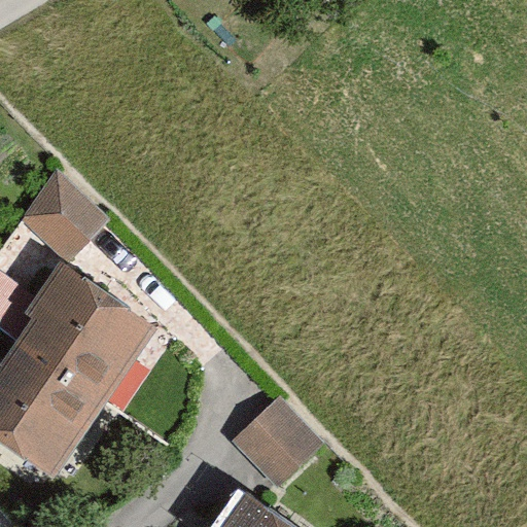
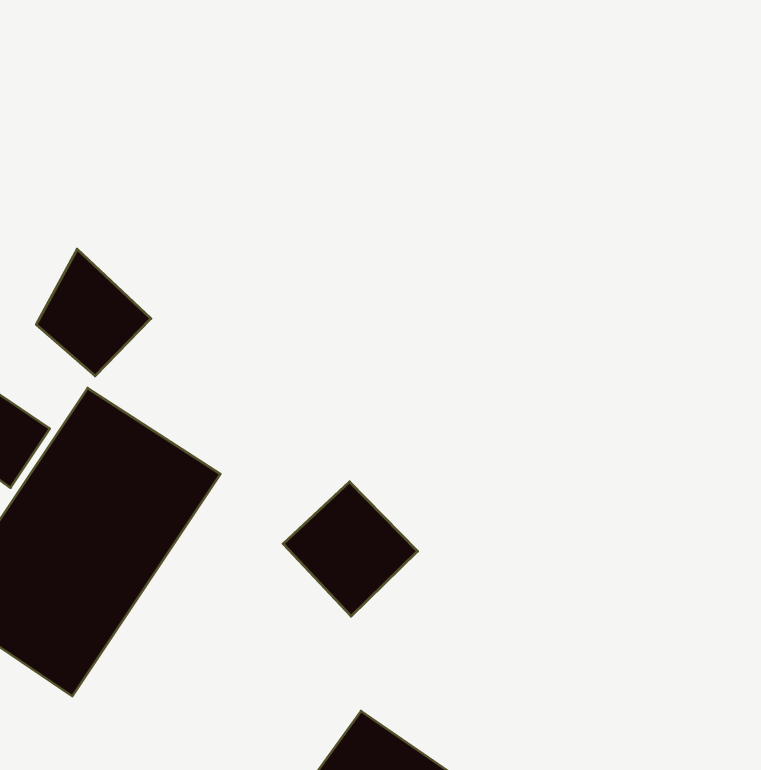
building: [232,399,323,491] -> [283,482,418,616]

